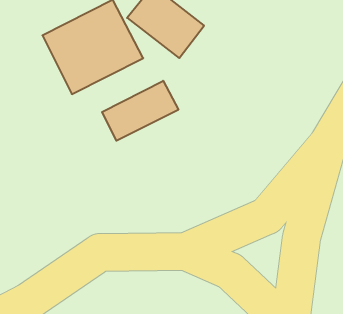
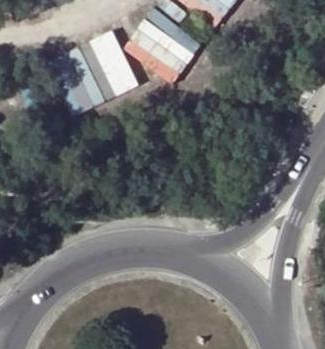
building: [102,81,178,141] -> none

